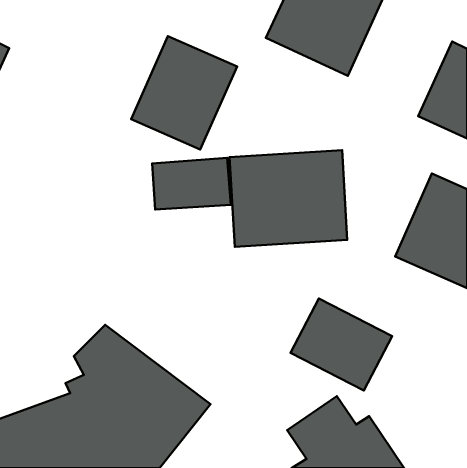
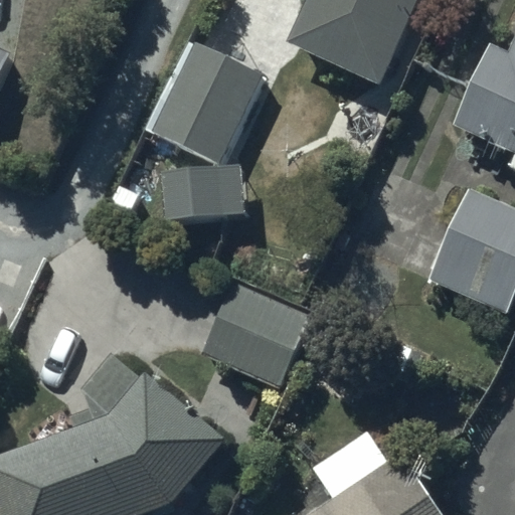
building: [230,150,347,247] -> none
building: none -> [200,283,314,390]
building: [290,299,392,391] -> none

